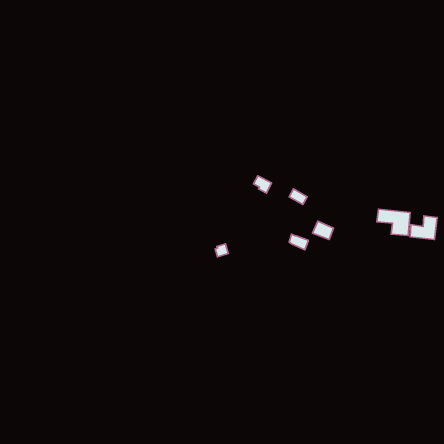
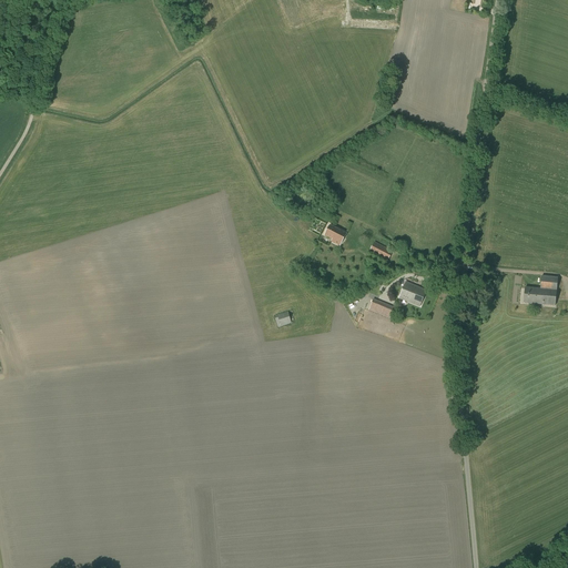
building: [377,209,410,236] -> none

